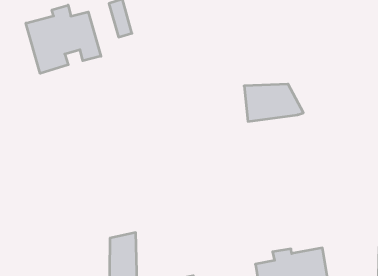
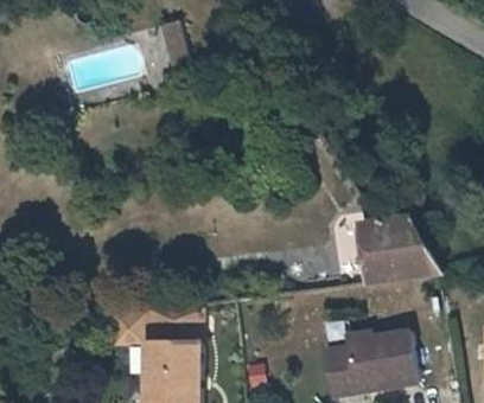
building: [26,5,101,73] -> none
building: [244,84,303,121] -> [367,235,440,281]

